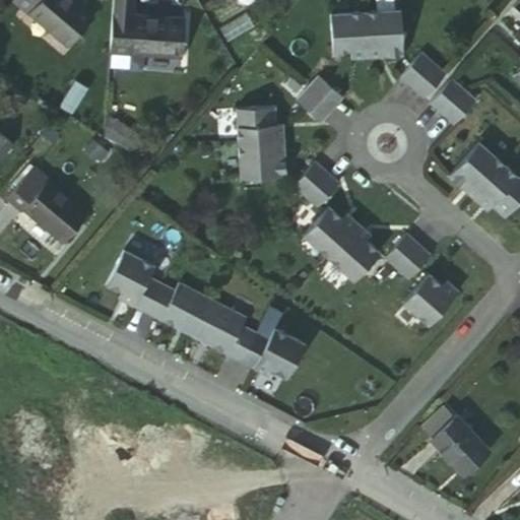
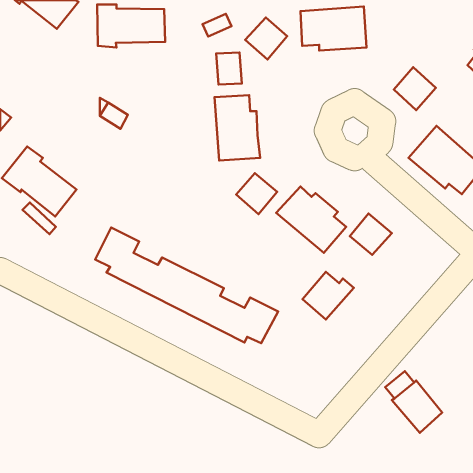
building: [400,50,446,95] -> none
building: none -> [216,52,242,85]
building: [298,75,343,121] -> [245,17,287,59]
building: [296,159,340,204] -> [236,173,277,214]
building: [404,272,460,324] -> [303,272,354,320]

